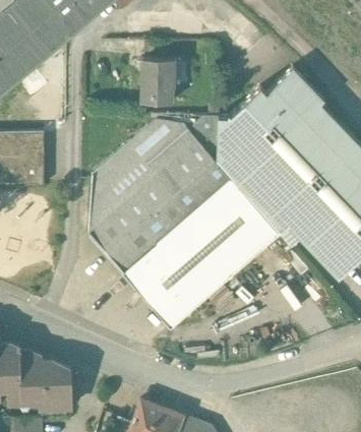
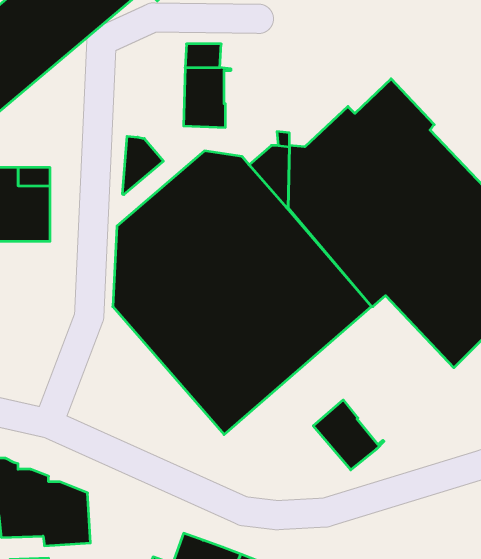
building: none -> [123,136,163,195]
building: none -> [313,400,384,470]

